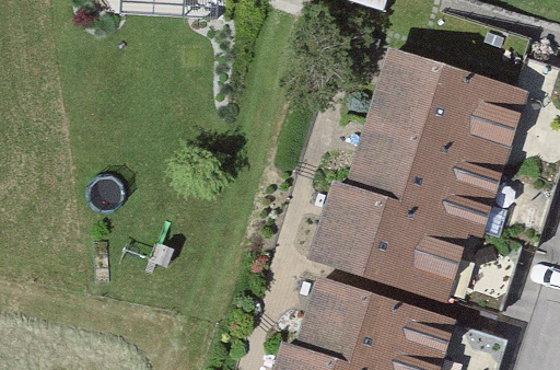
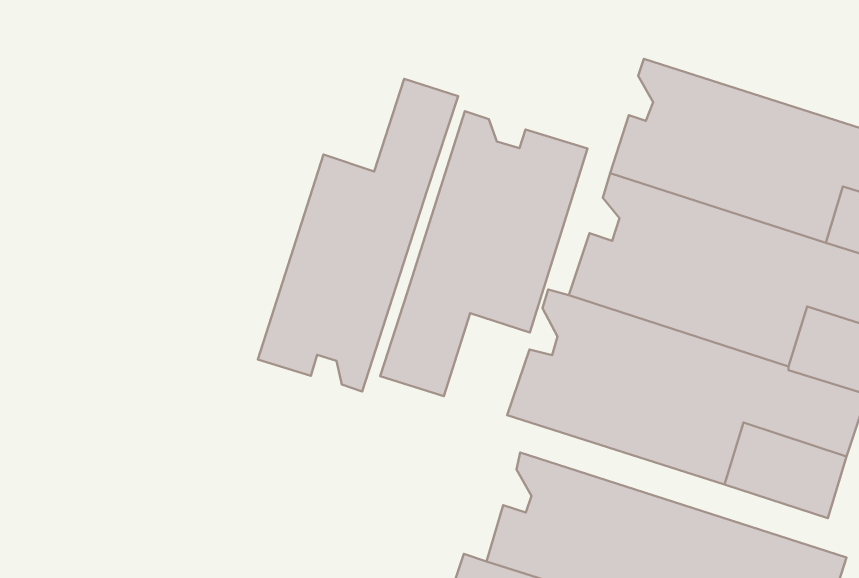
building: none -> [258,79,458,391]
building: none -> [380,111,587,396]

